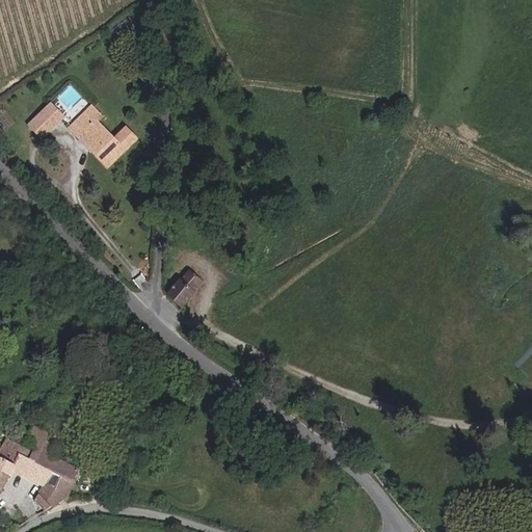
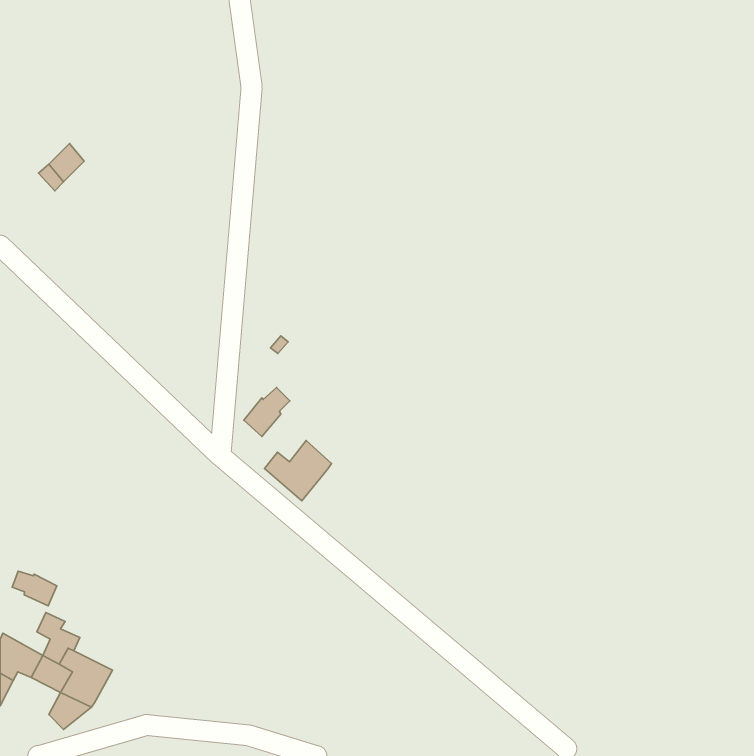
building: [68,103,134,164] -> none
building: none -> [264,441,332,501]
building: none -> [12,571,57,606]

